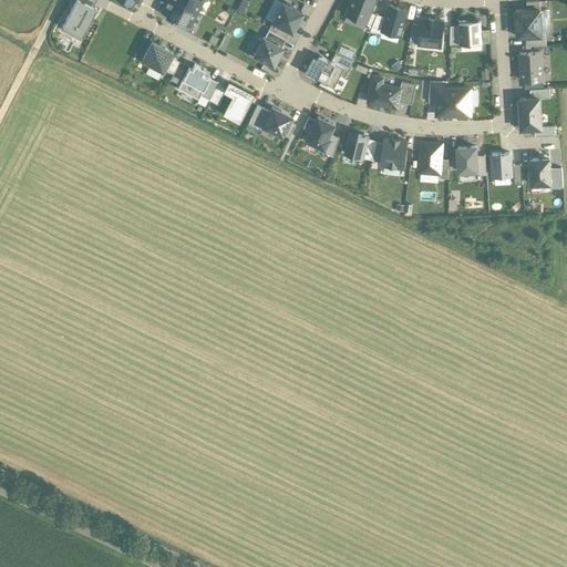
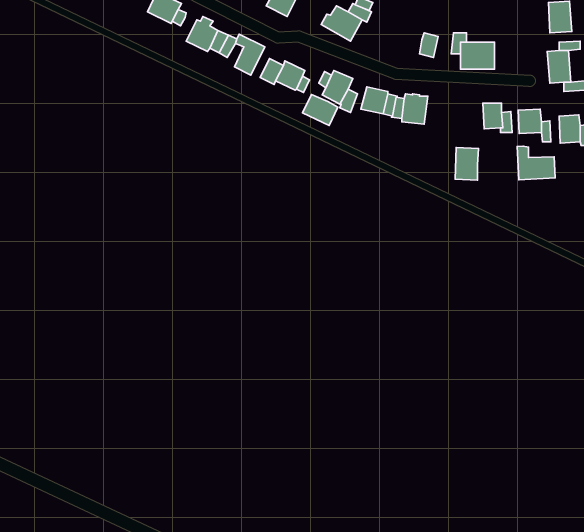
building: [367,76,400,109] -> none
building: none -> [302,95,338,125]
building: [419,143,441,174] -> [455,147,479,180]
building: none -> [517,146,555,180]

